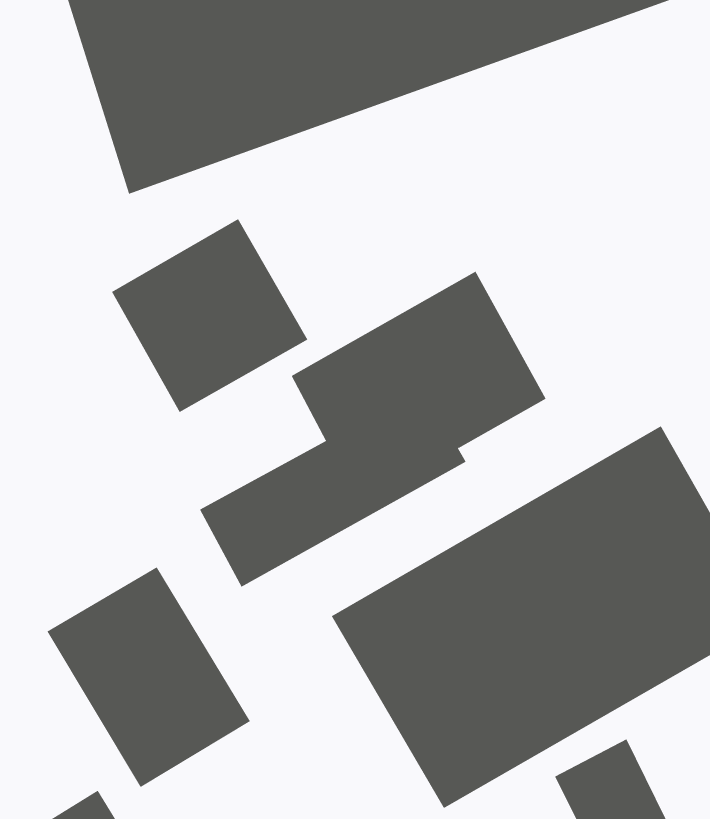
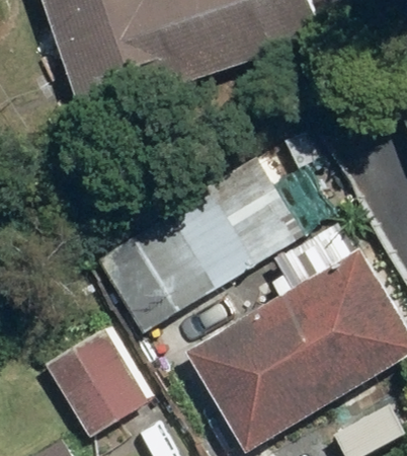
building: [111,218,308,413] -> none

